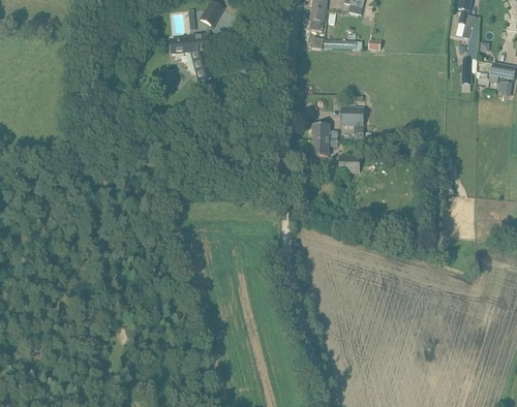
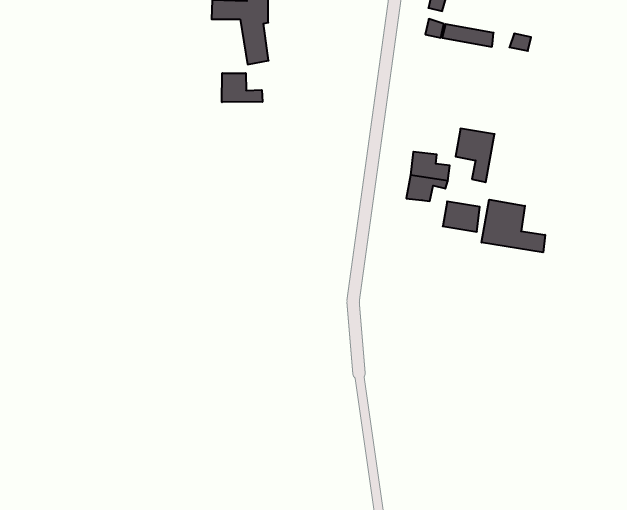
building: none -> [222,73,262,102]
building: none -> [482,200,545,252]

